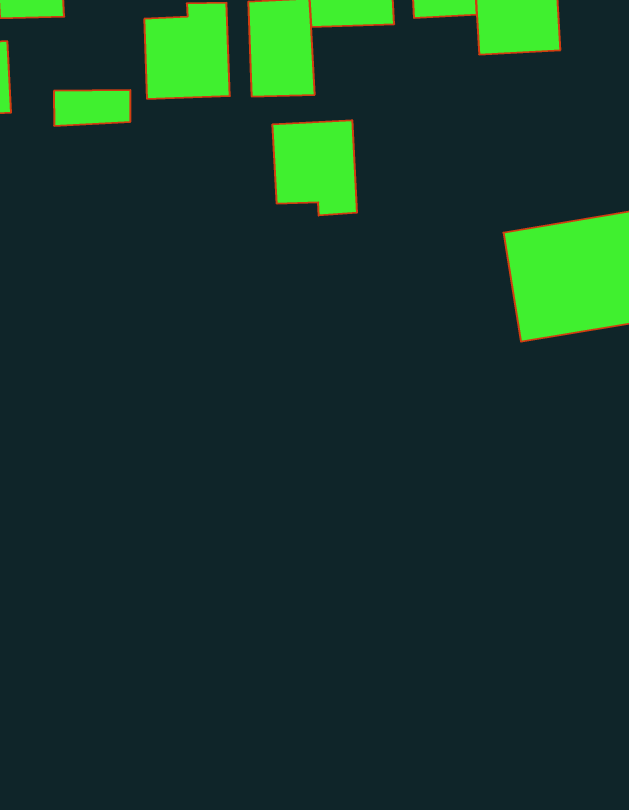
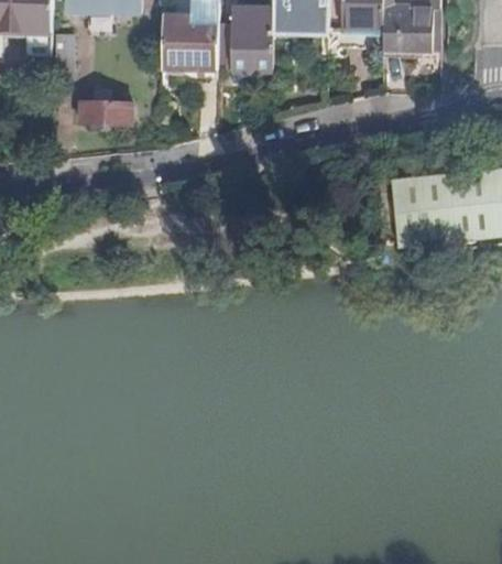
building: [54,90,130,126] -> [80,104,132,127]
building: [273,120,357,216] -> none

